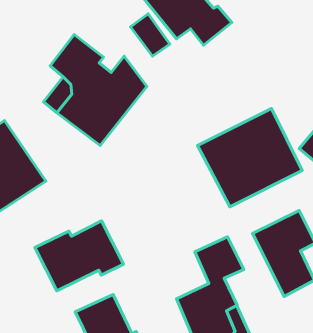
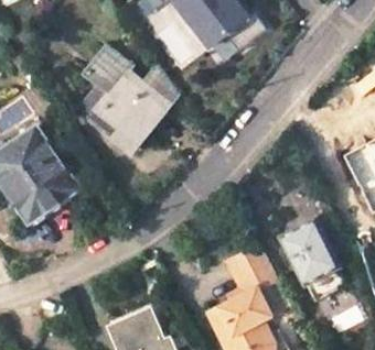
building: [197,109,302,207] -> none
building: [35,221,123,291] -> none

